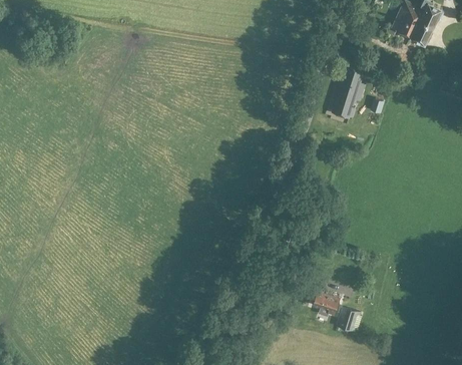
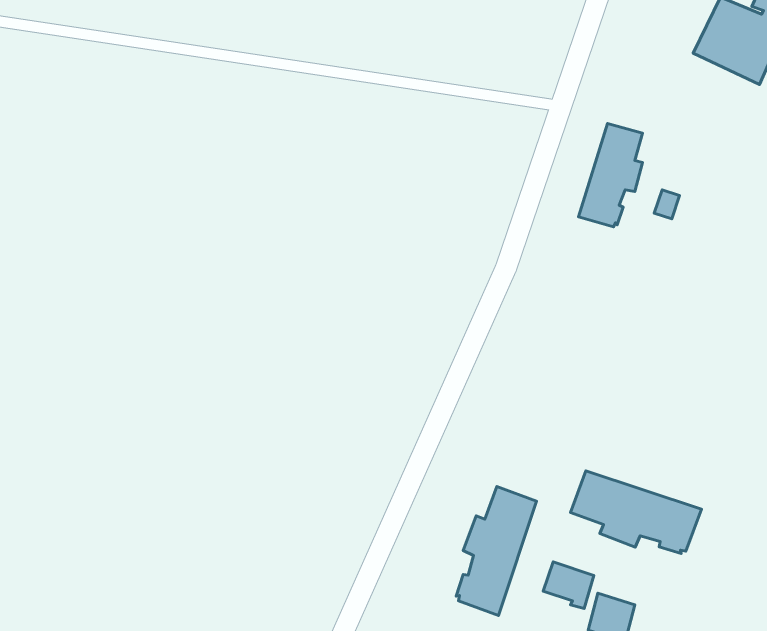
building: none -> [570,471,701,554]
building: none -> [456,486,536,616]

